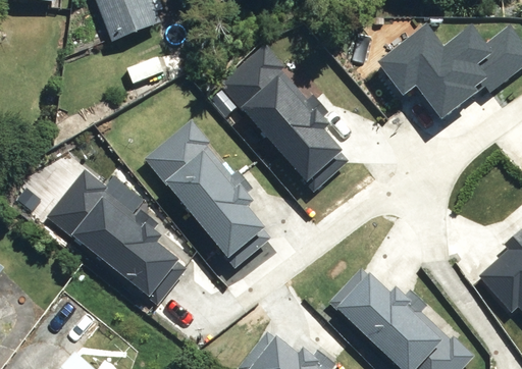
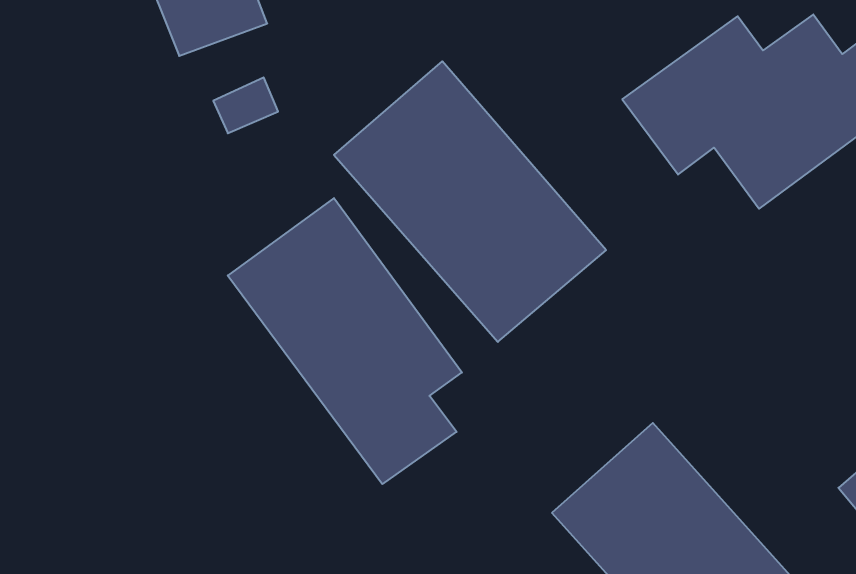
building: [44,166,189,303] -> none

